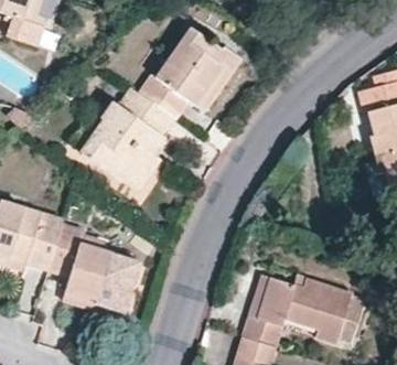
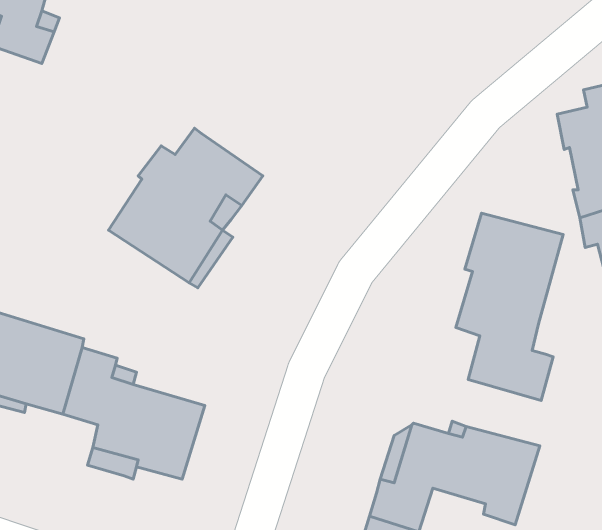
building: [137,26,243,120] -> none
building: none -> [456,213,563,400]

